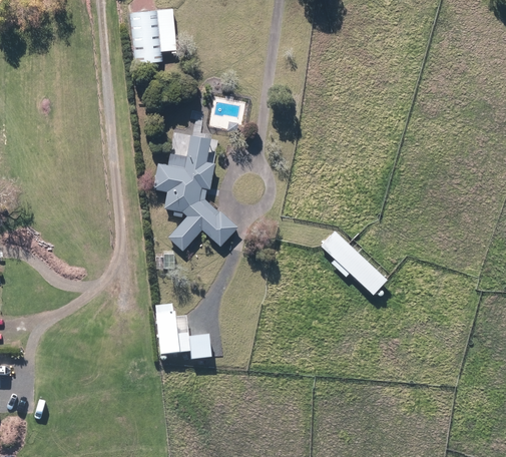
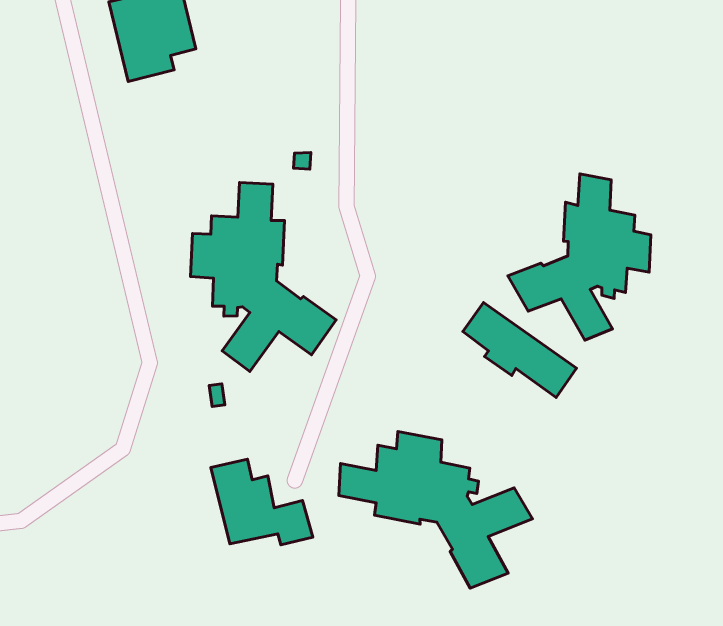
building: none -> [508,174,651,340]
building: none -> [339,431,532,588]

